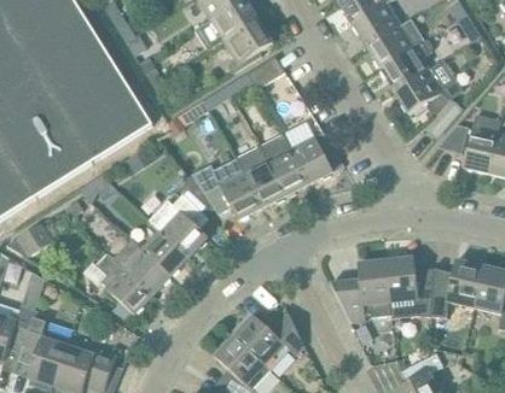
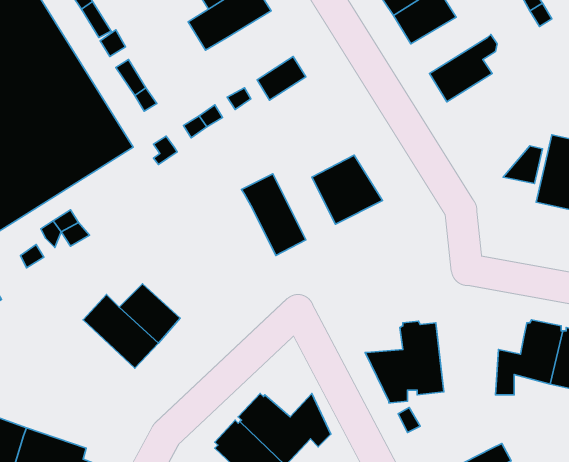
building: [365,17,424,68] -> none
building: [224,19,272,72] -> none
building: [393,58,463,130] -> none
building: [259,133,307,195] -> none
building: [191,160,261,219] -> none
building: [147,193,207,256] -> none
building: [95,252,152,313] -> none
building: [384,256,433,316] -> none

